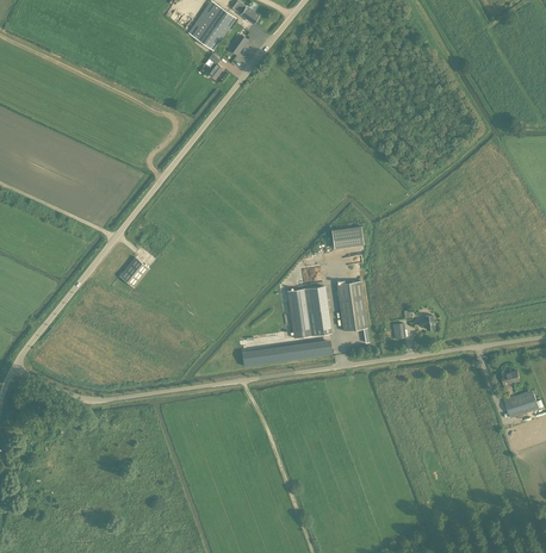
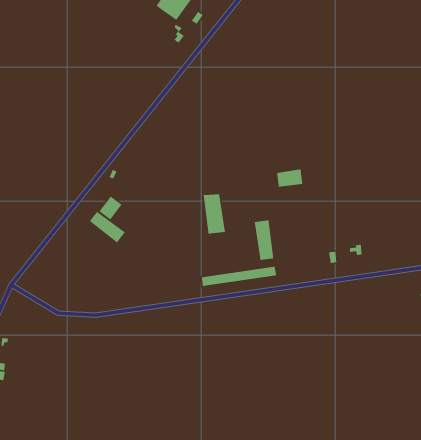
building: none -> [89,211,126,244]
building: [336,280,366,331] -> none
building: [284,288,311,337] -> [203,193,226,235]

